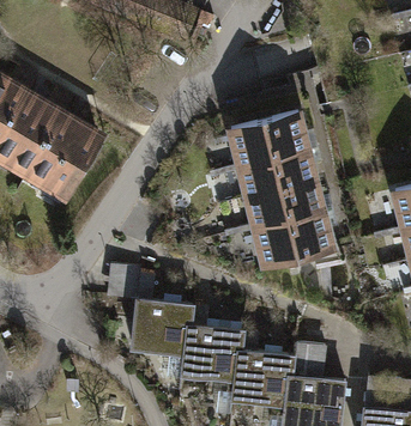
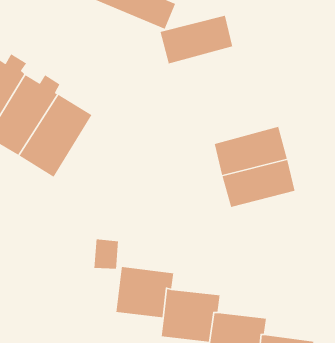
building: [228,112,308,166] -> [159,15,233,65]
building: [255,218,336,272] -> none

